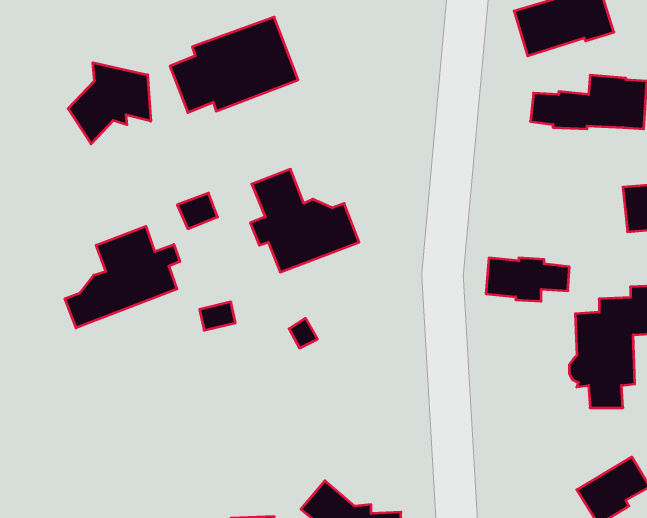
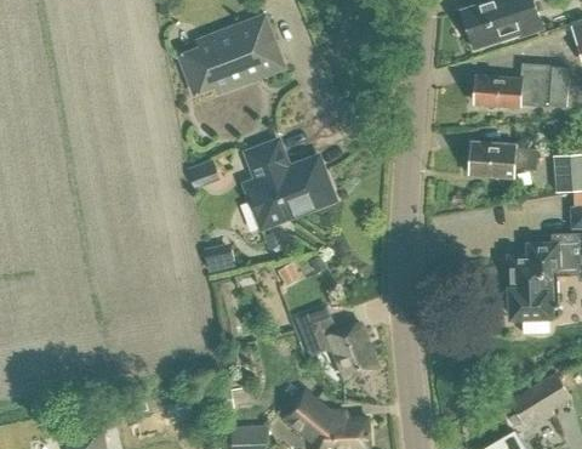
building: [68,63,151,144] -> none
building: [65,226,180,328] -> none
building: [486,258,569,301] -> [469,143,537,178]
building: none -> [297,307,377,379]

